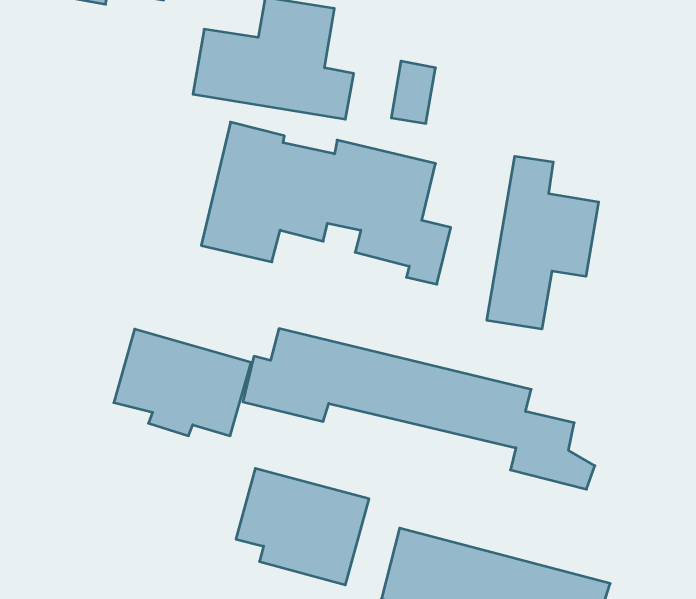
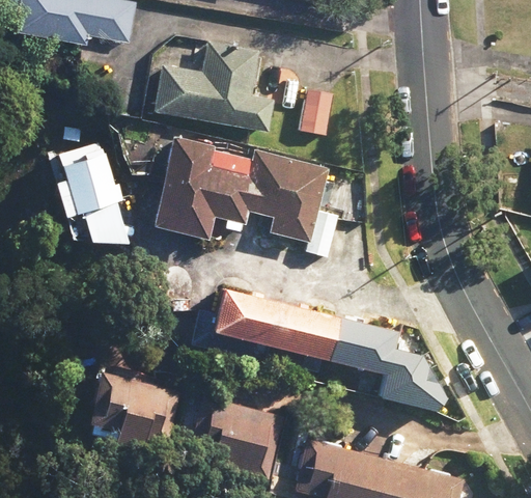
building: none -> [46,151,129,255]
building: [487,156,599,329] -> none
building: [114,329,251,436] -> [77,367,179,447]

